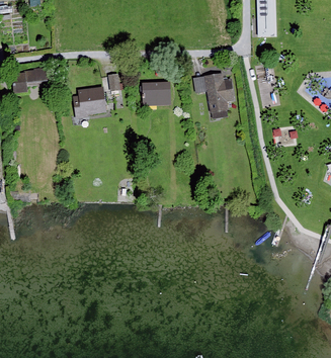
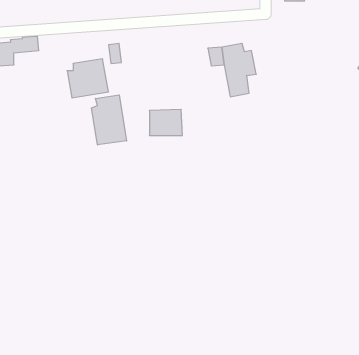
building: [143,83,171,105] -> [149,109,182,135]
building: none -> [92,95,127,145]

